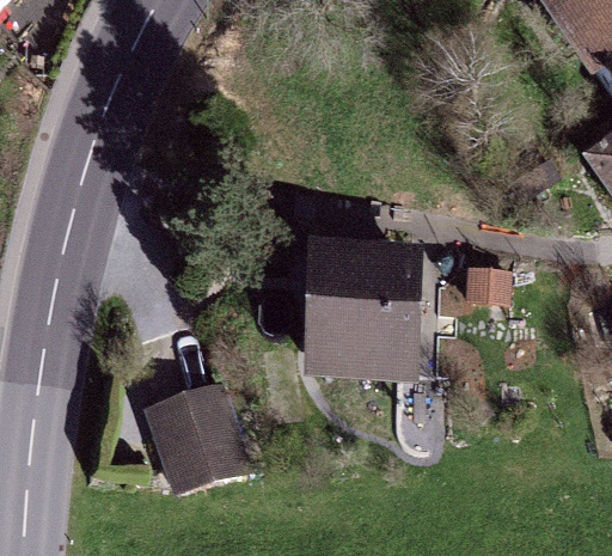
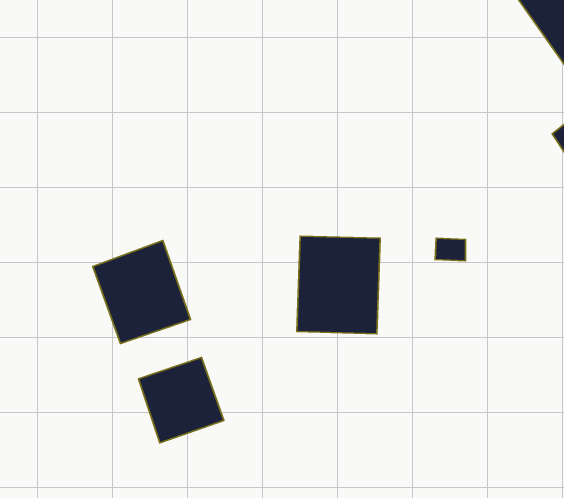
building: none -> [93,241,191,344]

